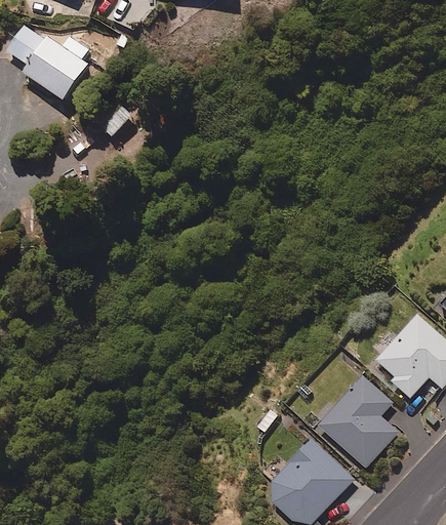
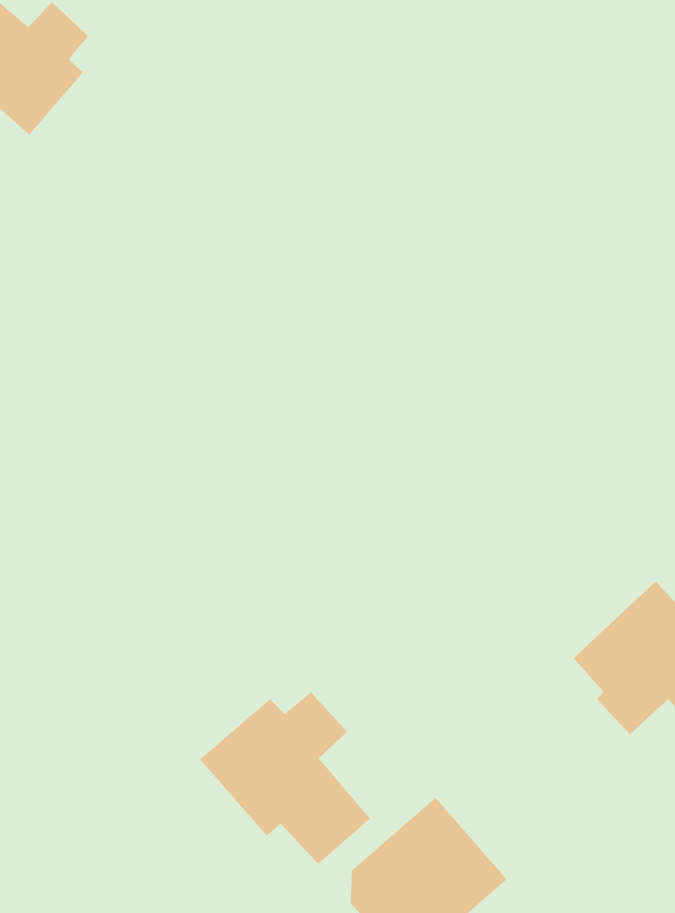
building: [318,374,397,466] -> none
building: none -> [199,691,371,865]

